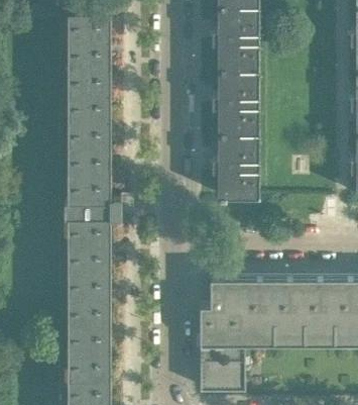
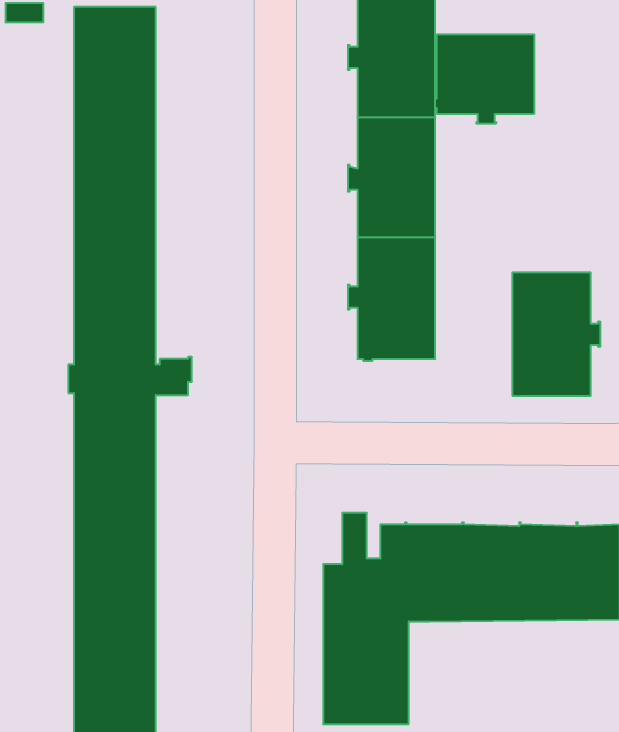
building: none -> [435,34,534,124]
building: none -> [513,272,600,396]

